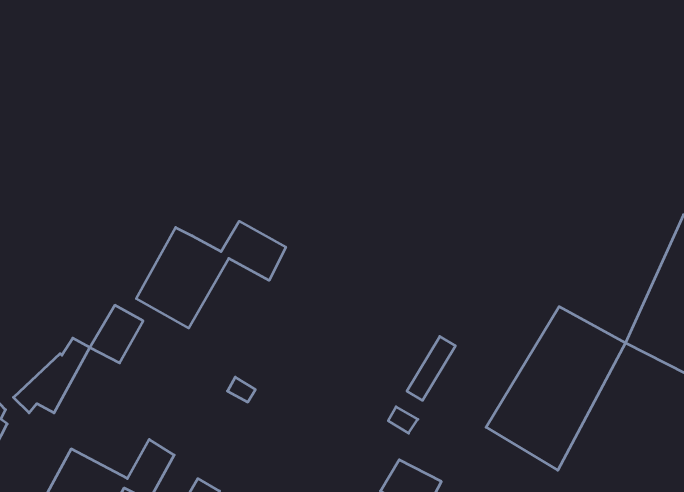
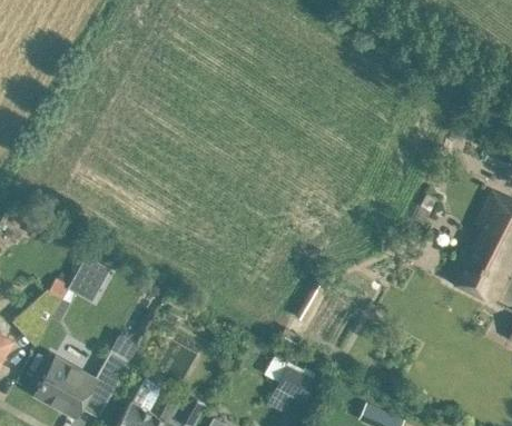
building: [136,221,286,328] -> none
building: [486,307,626,470] -> none

